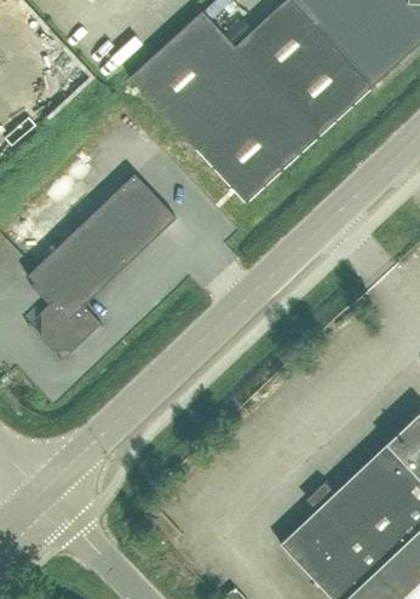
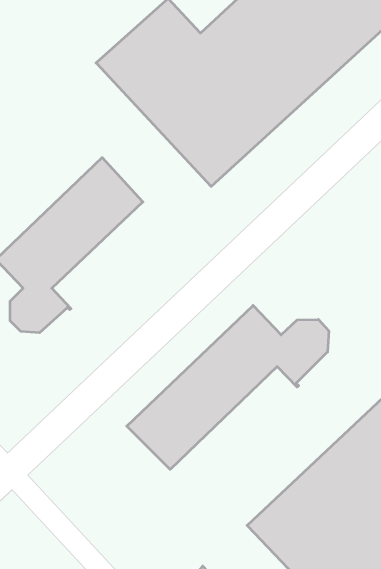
building: none -> [127,305,329,469]

